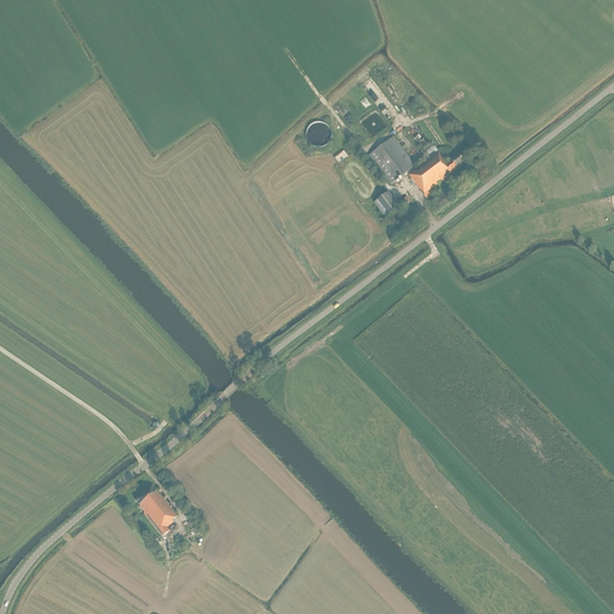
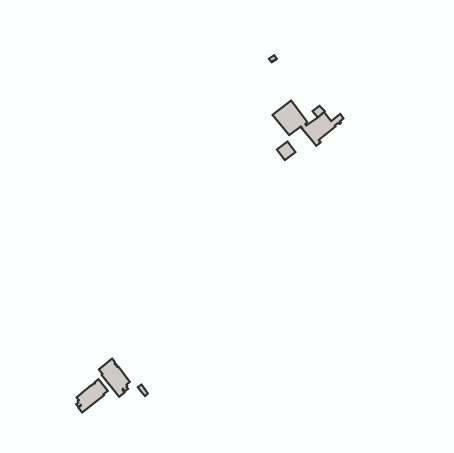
building: none -> [76,379,108,413]

